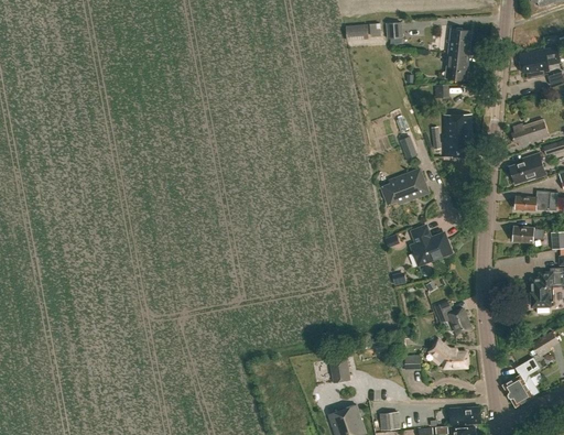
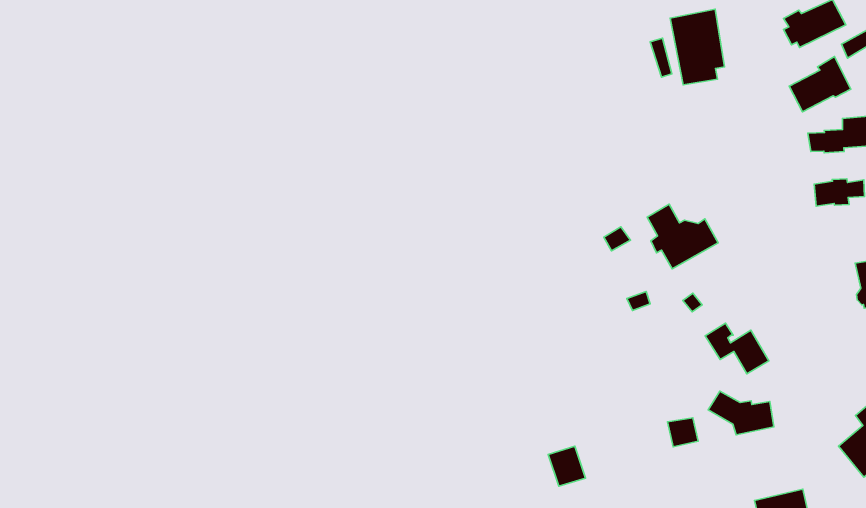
building: [382,170,429,205] -> none

